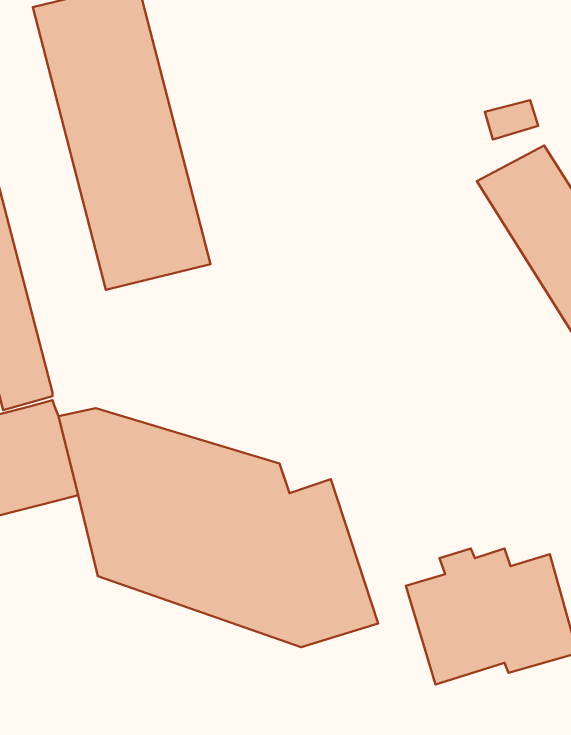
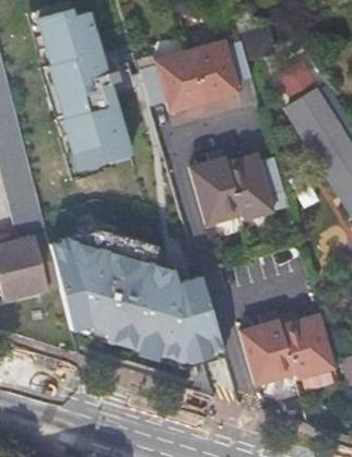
building: none -> [140,40,250,113]
building: none -> [189,151,284,227]

